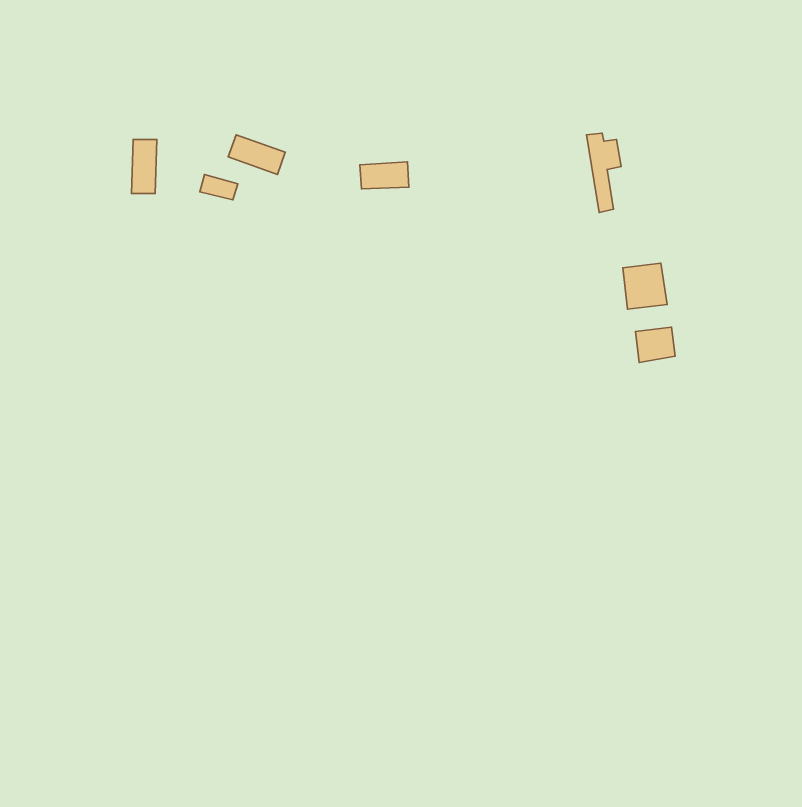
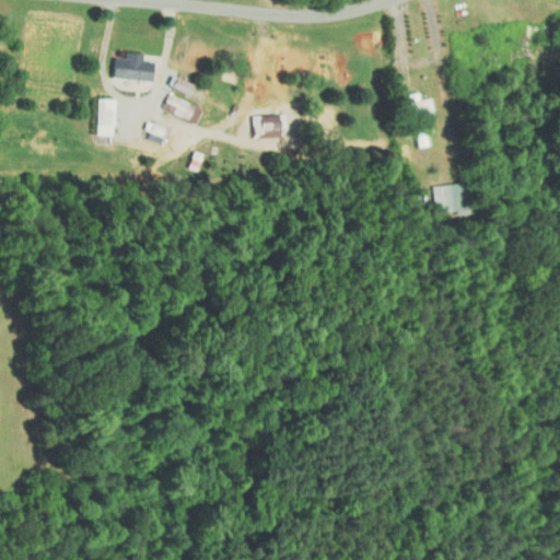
building: none -> [112,52,155,81]
building: [635,327,675,363] -> none

